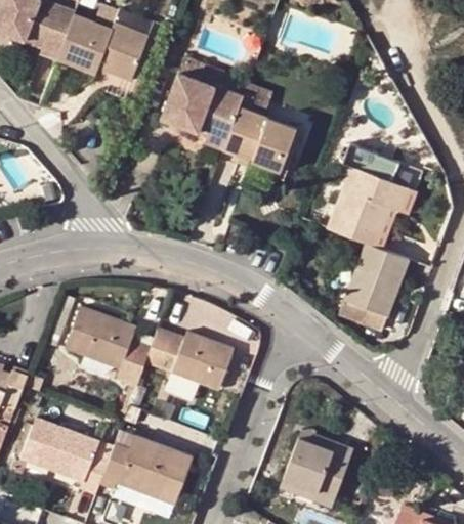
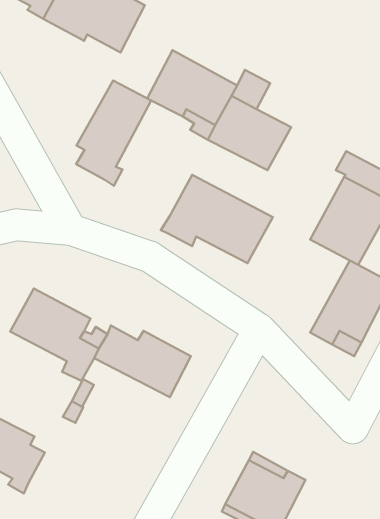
building: none -> [76,81,151,186]
building: none -> [161,175,273,263]
building: [99,435,192,504] -> none

